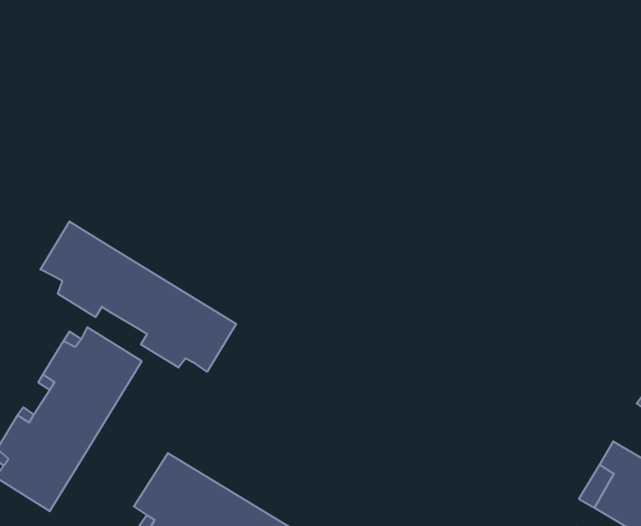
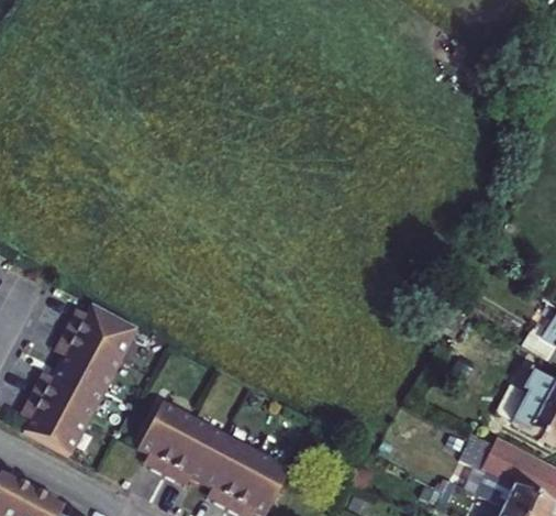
building: [40,221,236,372] -> none

